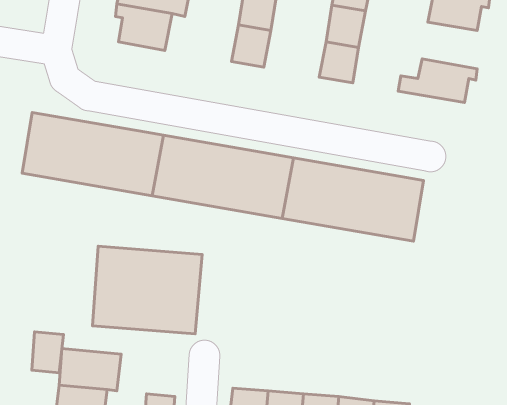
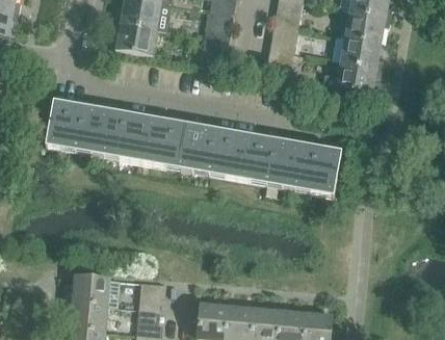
building: none -> [340,33,383,68]
building: [92,246,202,334] -> none
building: [32,332,63,373] -> none
building: none -> [137,280,165,309]

